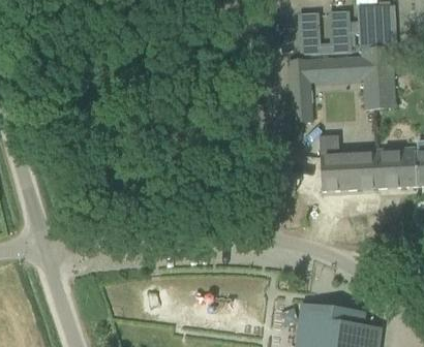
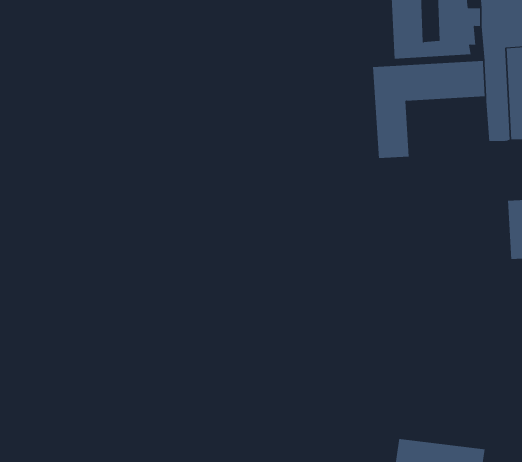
building: [321,137,378,191] -> none

